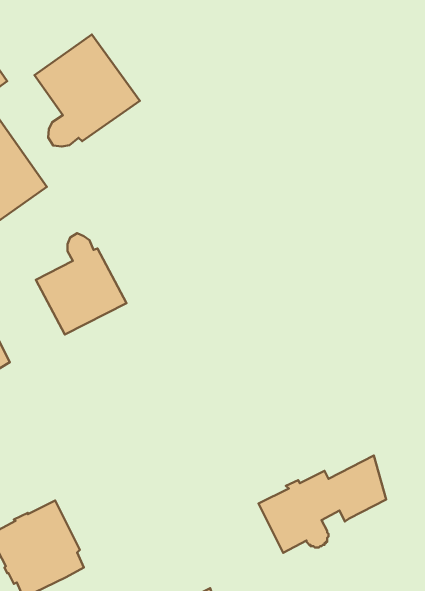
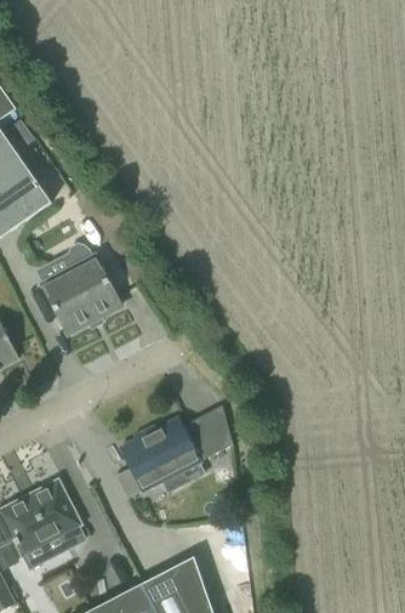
building: [34,35,140,147] -> none
building: [259,456,386,553] -> [119,404,232,490]

